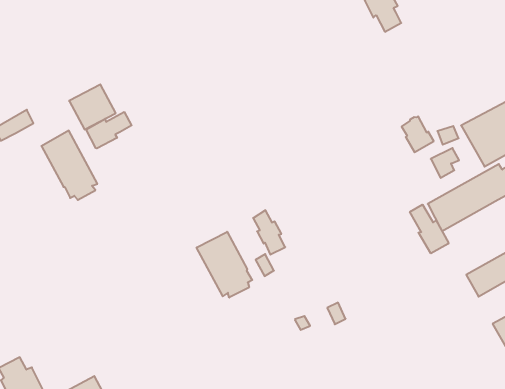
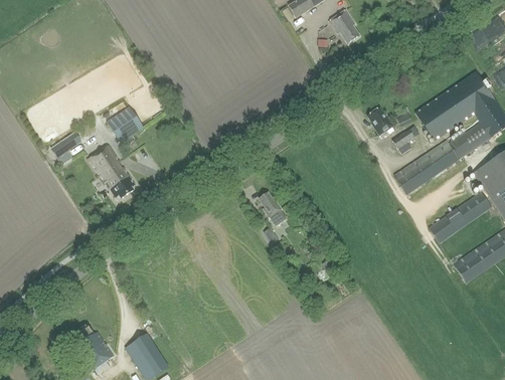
building: [86,112,132,148] -> none
building: [410,205,448,253] -> none
building: [197,232,252,298] -> none

